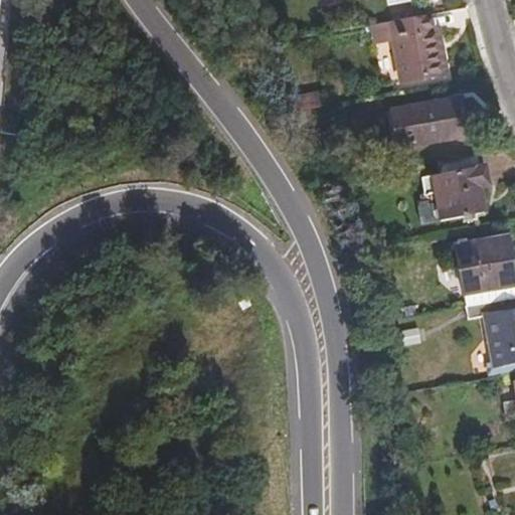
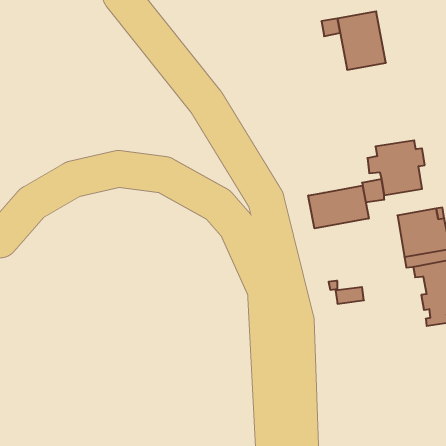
building: [392,95,468,143] -> none
building: none -> [308,186,369,228]

